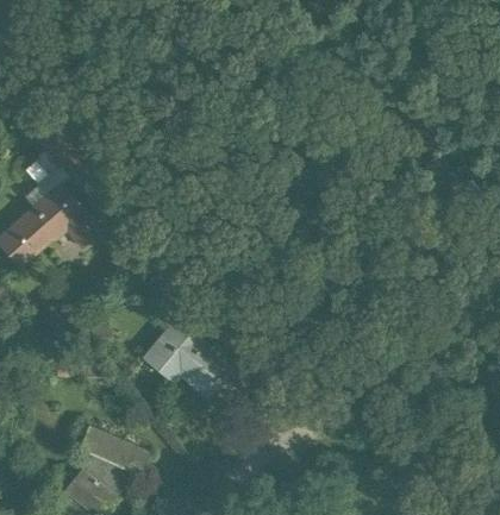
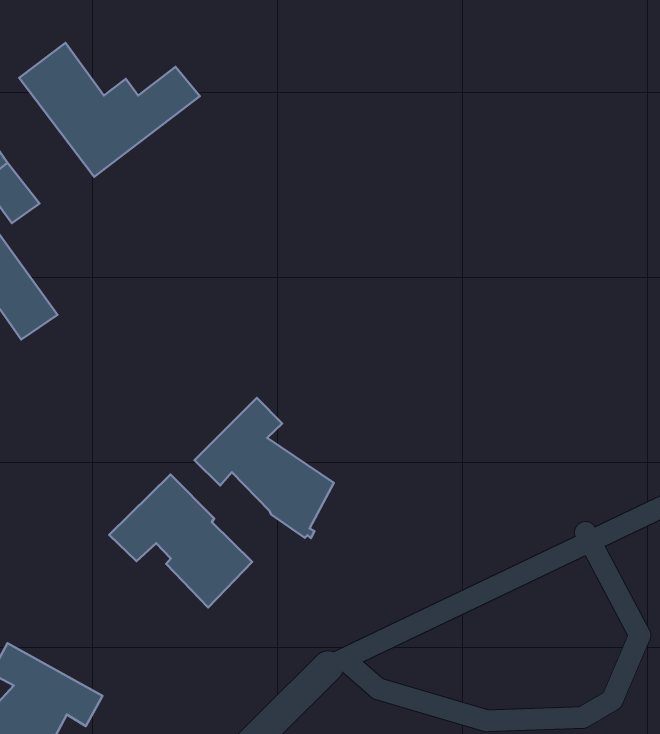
building: none -> [19,43,200,177]
building: none -> [195,398,334,538]

